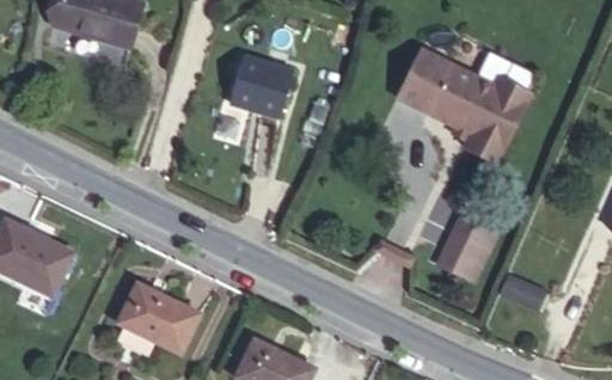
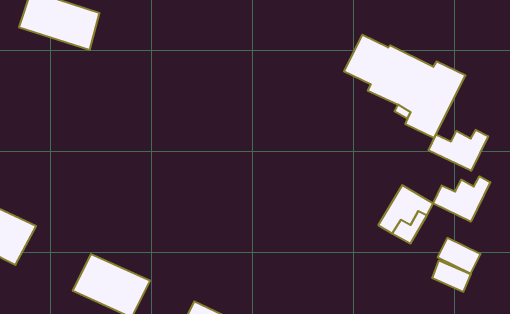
building: [228,59,290,112] -> none
building: none -> [429,130,488,171]
building: none -> [433,176,490,222]

